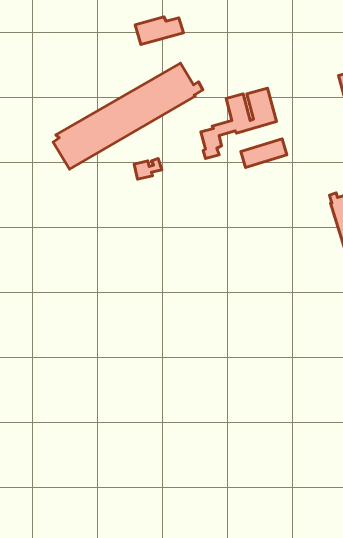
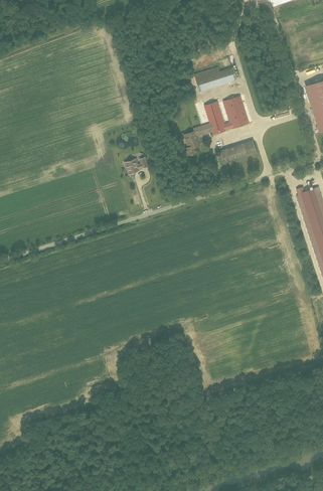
building: [135,17,183,44] -> [194,66,236,91]
building: [53,63,203,169] -> none

